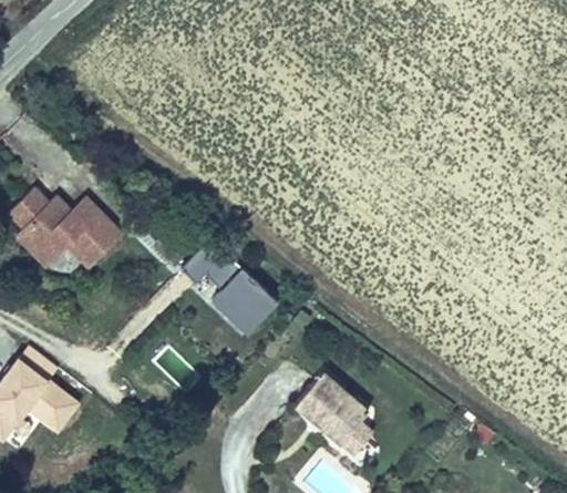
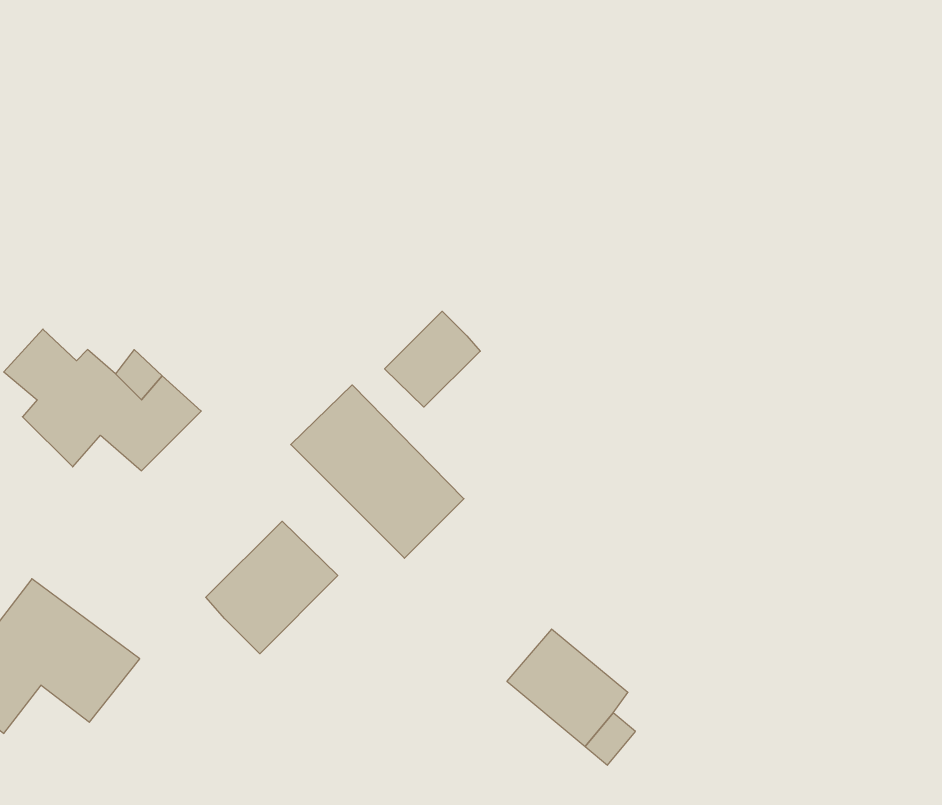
building: none -> [385,311,480,407]
building: none -> [206,521,338,654]

